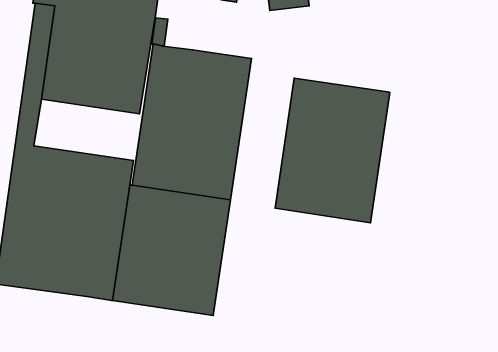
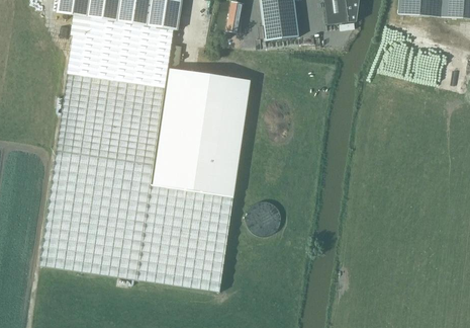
building: [275,78,390,223] -> none
building: none -> [72,113,159,164]

